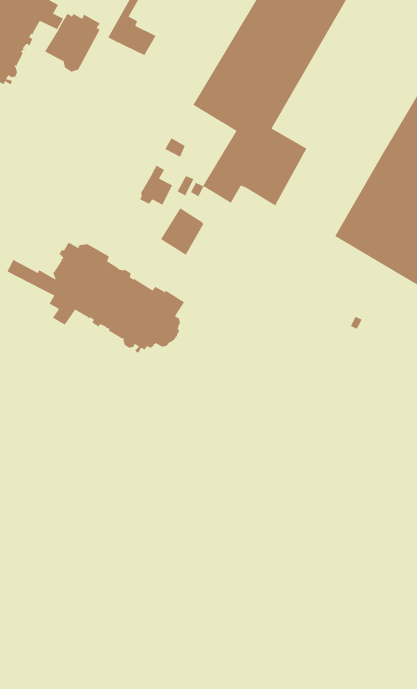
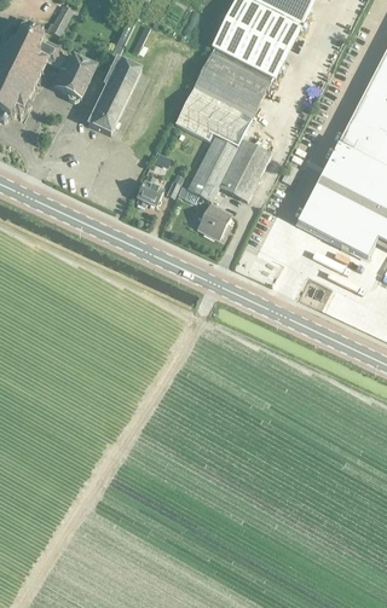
building: none -> [88,74,134,133]
building: [160,208,204,255] -> [197,201,232,239]
building: [7,242,185,354] -> none

